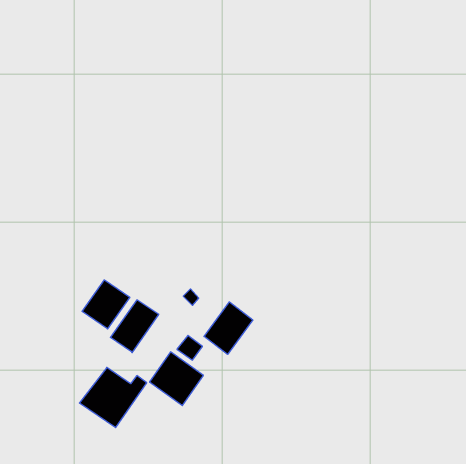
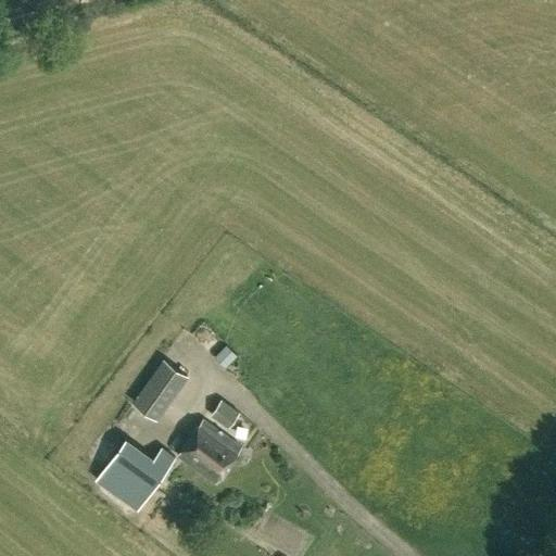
building: [82,280,130,329] -> none
building: [204,302,253,354] -> none

